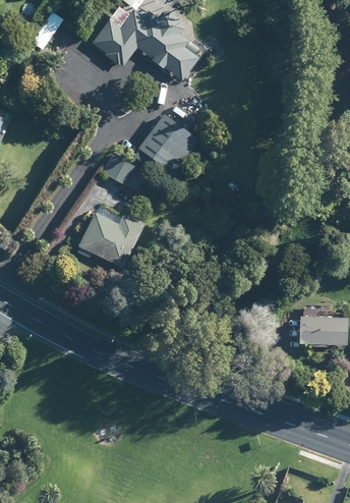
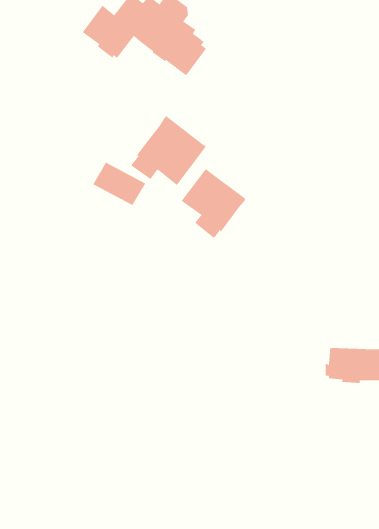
building: none -> [181,168,246,239]
building: [77,213,143,268] -> none

